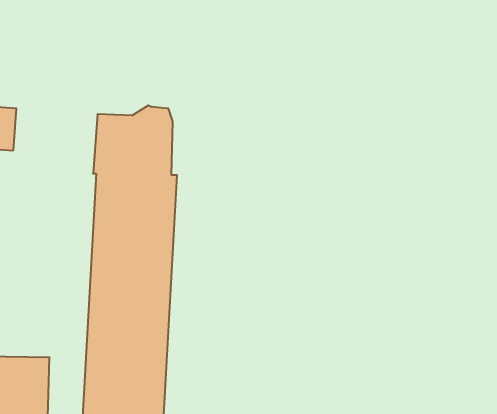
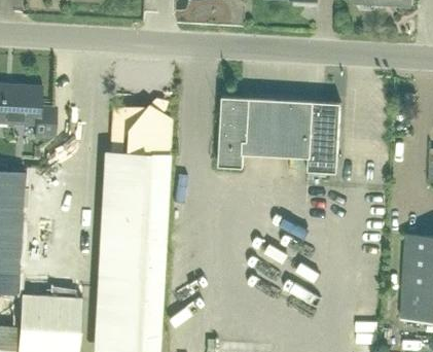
building: none -> [218,98,340,174]

